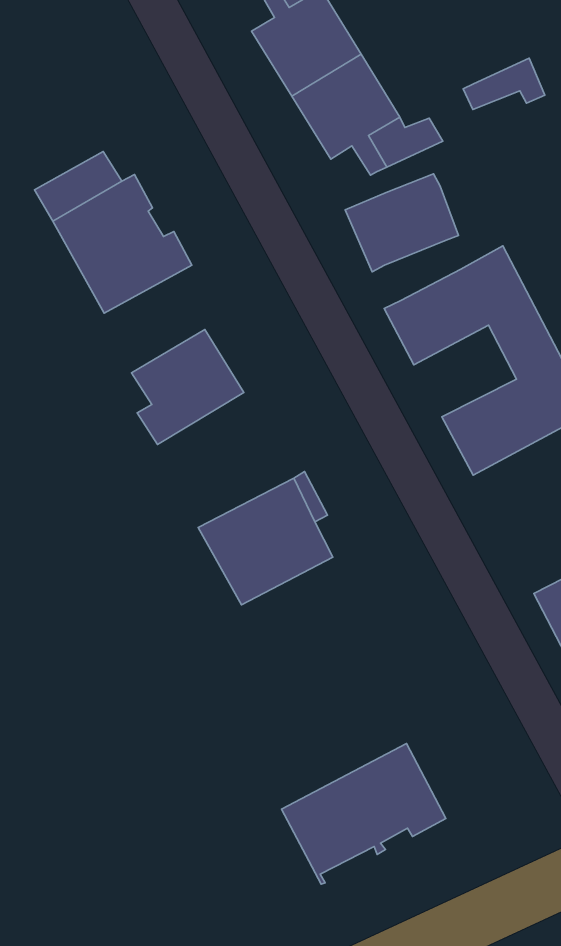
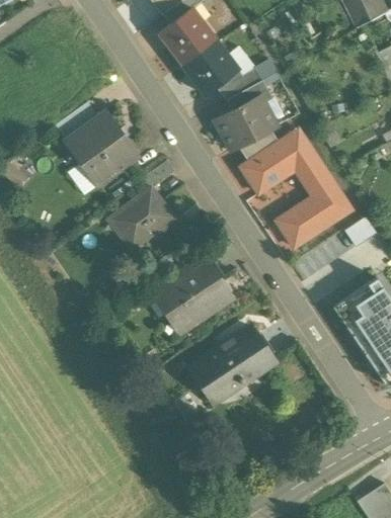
building: [463,58,545,109] -> [231,79,273,108]
building: none -> [240,130,280,163]
building: [282,743,446,884] -> [190,326,276,403]

